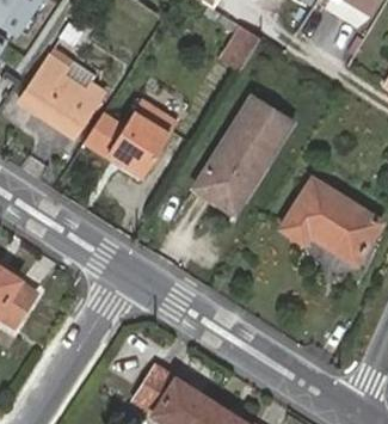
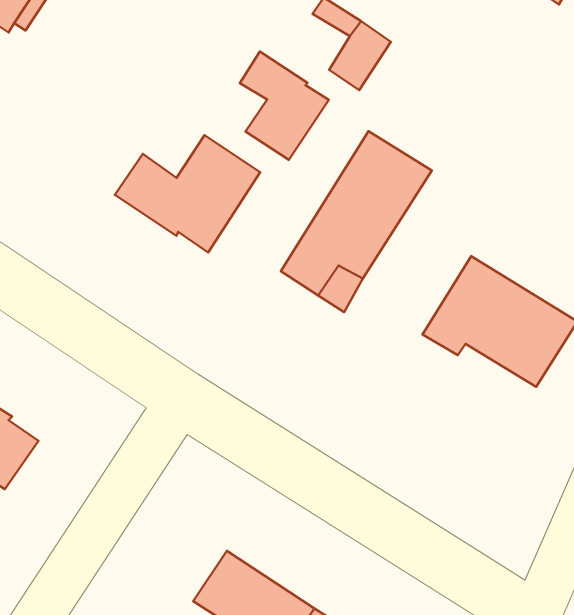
building: none -> [240,52,329,160]
building: [20,57,101,136] -> none

